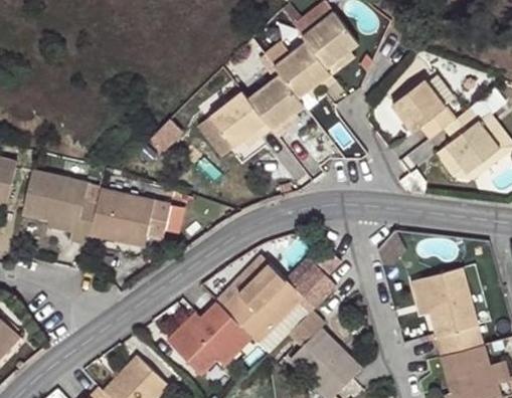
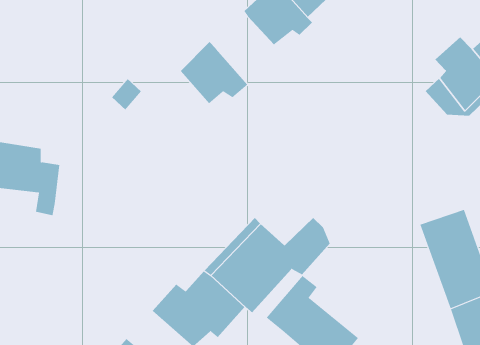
building: [244,73,304,144] -> none
building: [389,80,452,139] -> none
building: [87,187,170,243] -> none

